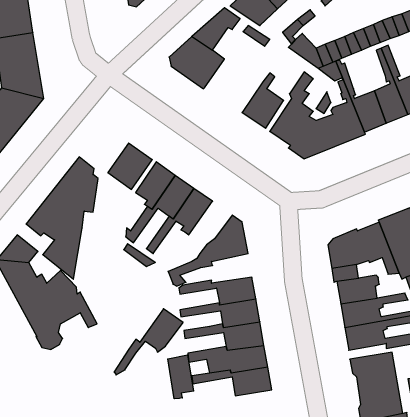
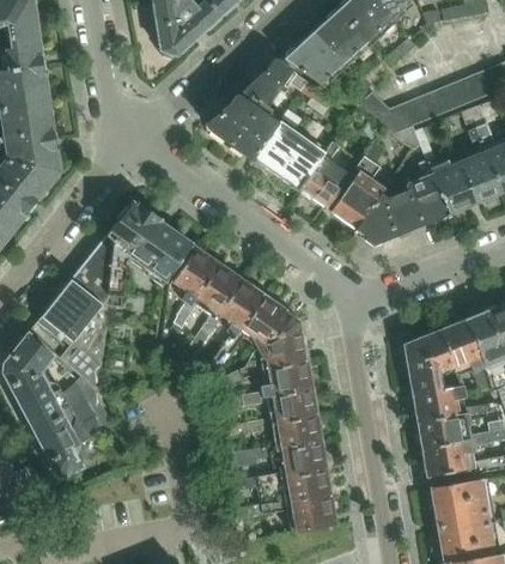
building: none -> [254,120,324,189]
building: none -> [102,206,162,261]
building: none -> [261,359,311,395]
building: [114,309,183,375] -> [203,296,287,376]
building: [168,355,194,399] -> none

